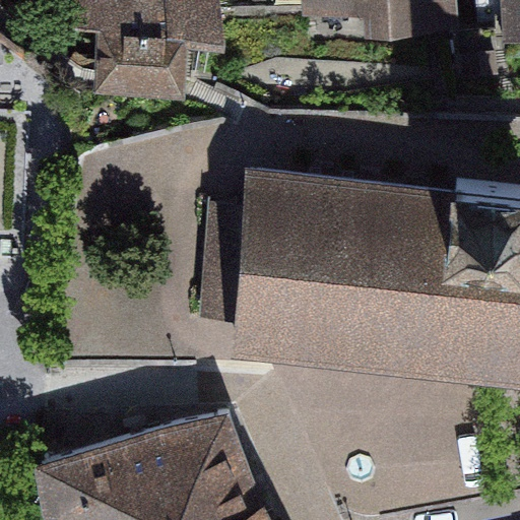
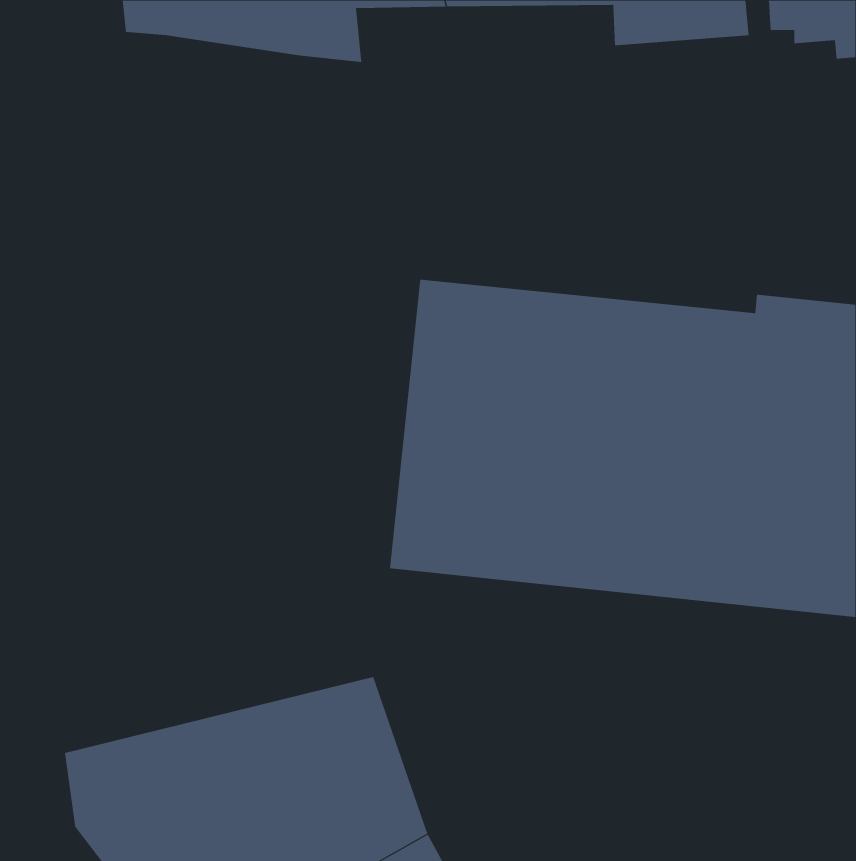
building: [94,23,180,91] -> none

